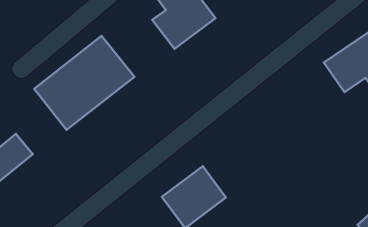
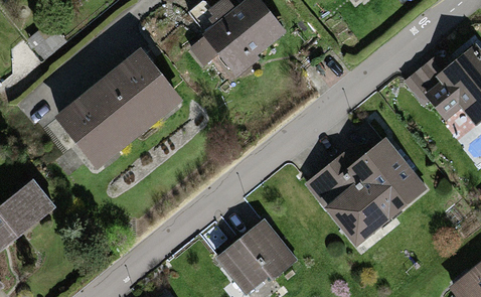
building: none -> [314,141,424,245]

